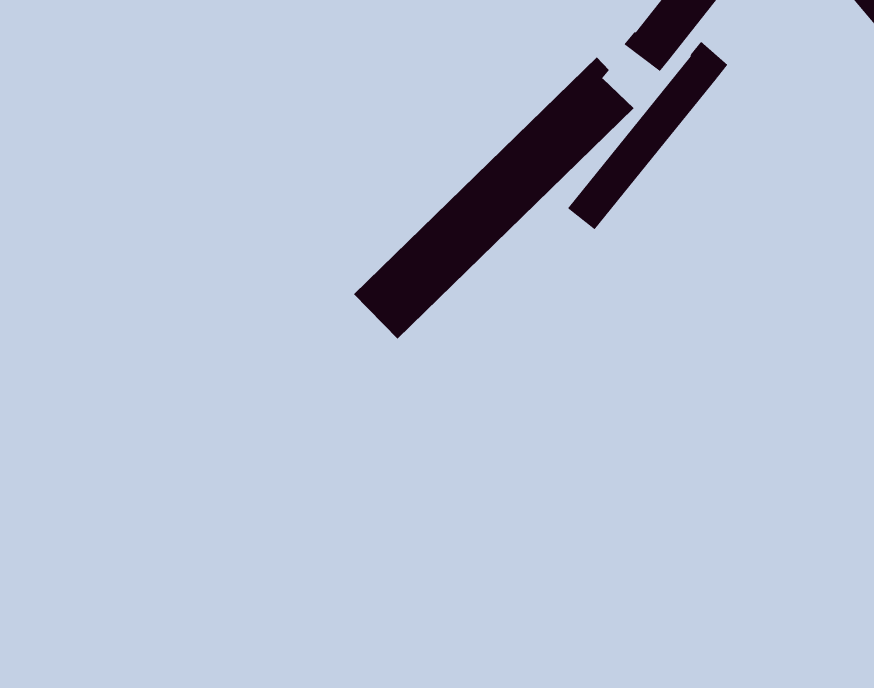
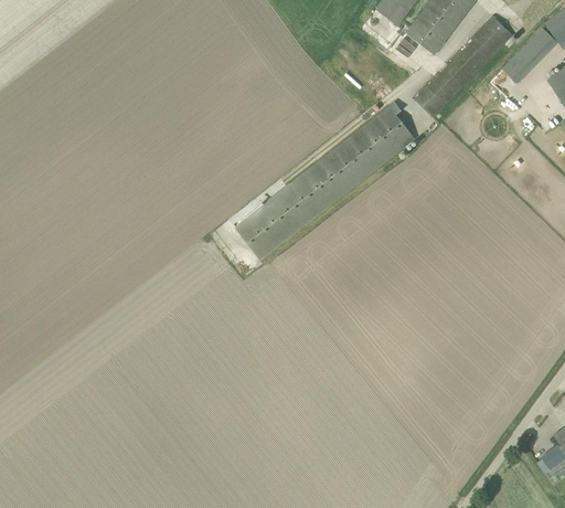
building: [567,41,728,230] -> none

